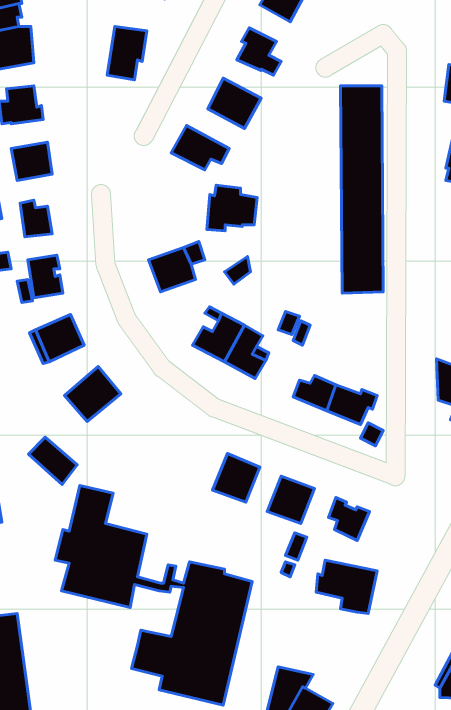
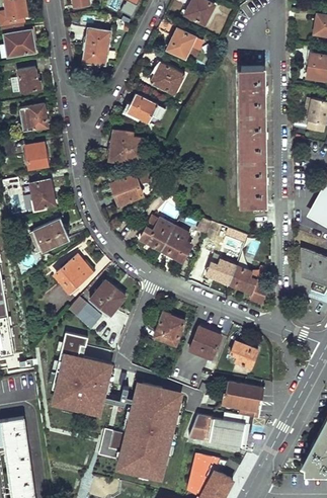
building: [207,185,257,231] -> [109,132,143,162]
building: none -> [89,281,125,317]
building: [28,437,77,485] -> [68,298,100,329]
building: none -> [187,412,249,445]

